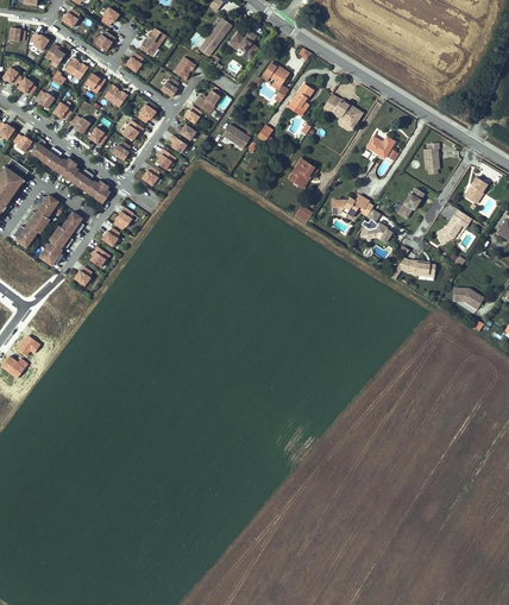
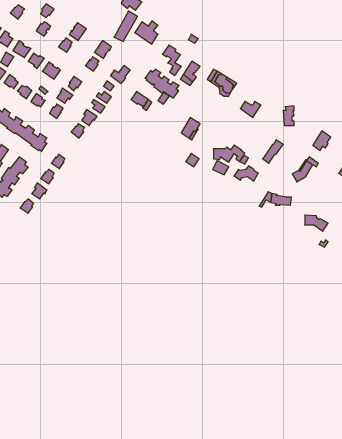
building: none -> [145,69,179,98]

